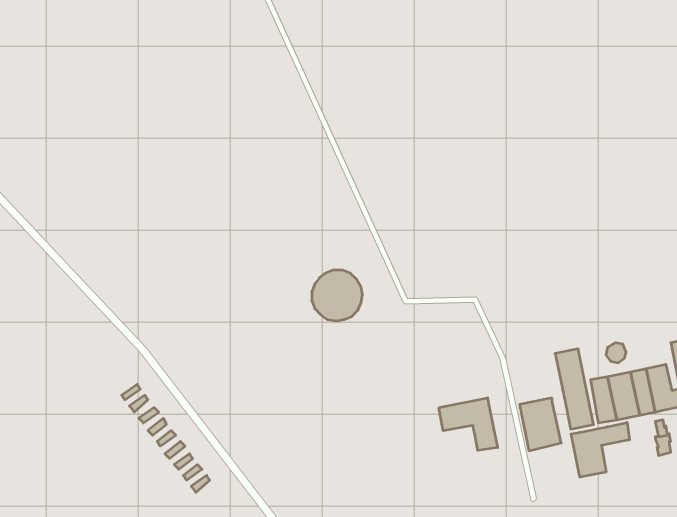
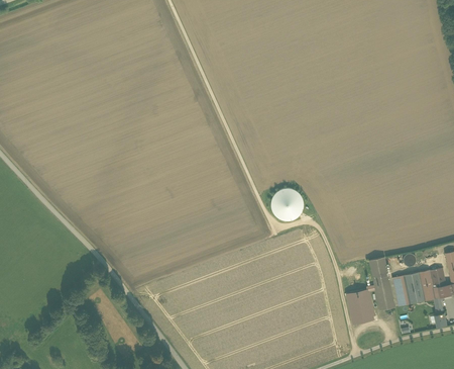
building: [312,270,363,321] -> [270,188,304,221]
building: [439,398,498,450] -> none
building: [571,422,629,477] -> none

